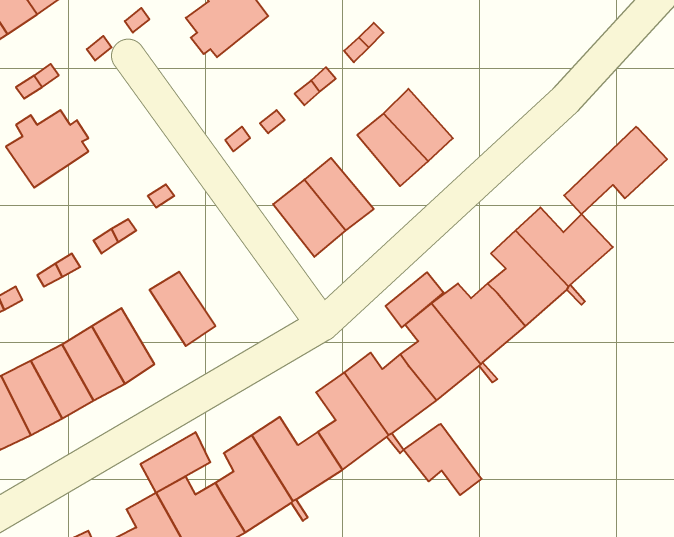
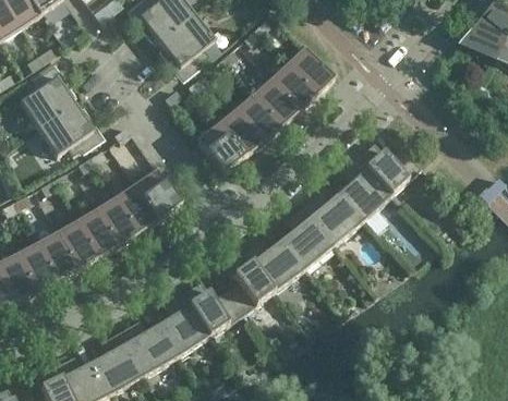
building: none -> [158,15,213,68]
building: none -> [285,47,332,96]
building: [564,127,667,214] -> none
building: none -> [233,94,279,143]
building: none -> [37,105,90,156]
building: none -> [133,169,179,220]
building: [386,272,444,328] -> none
building: none -> [95,196,137,245]
building: [403,424,482,495] -> none
building: [141,432,210,493] -> none

